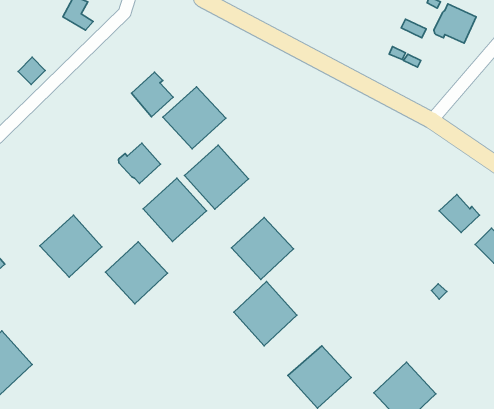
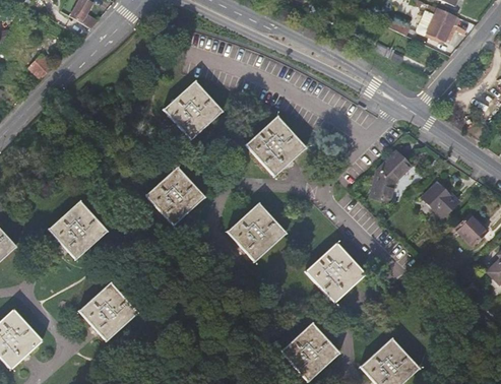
building: [131,72,173,117] -> none
building: [119,143,161,183] -> none
building: [184,145,249,209] -> [246,116,306,176]
building: none -> [370,150,411,202]
building: [106,242,168,304] -> [79,282,137,340]
building: [234,282,297,346] -> [306,243,365,303]

